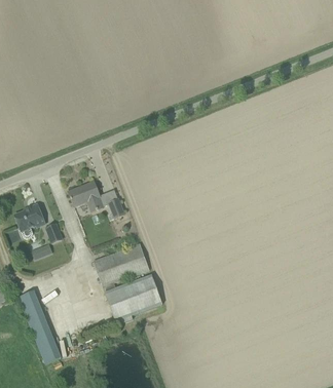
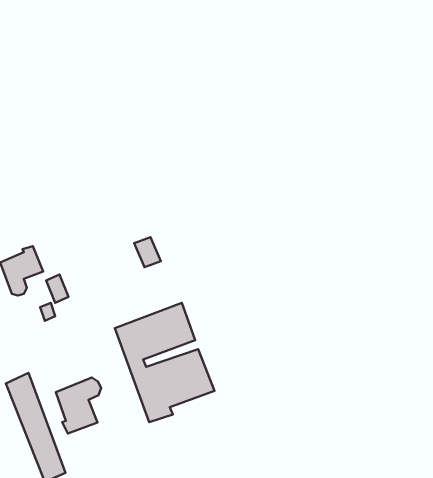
building: [68,181,103,210] -> none
building: none -> [56,378,101,433]

